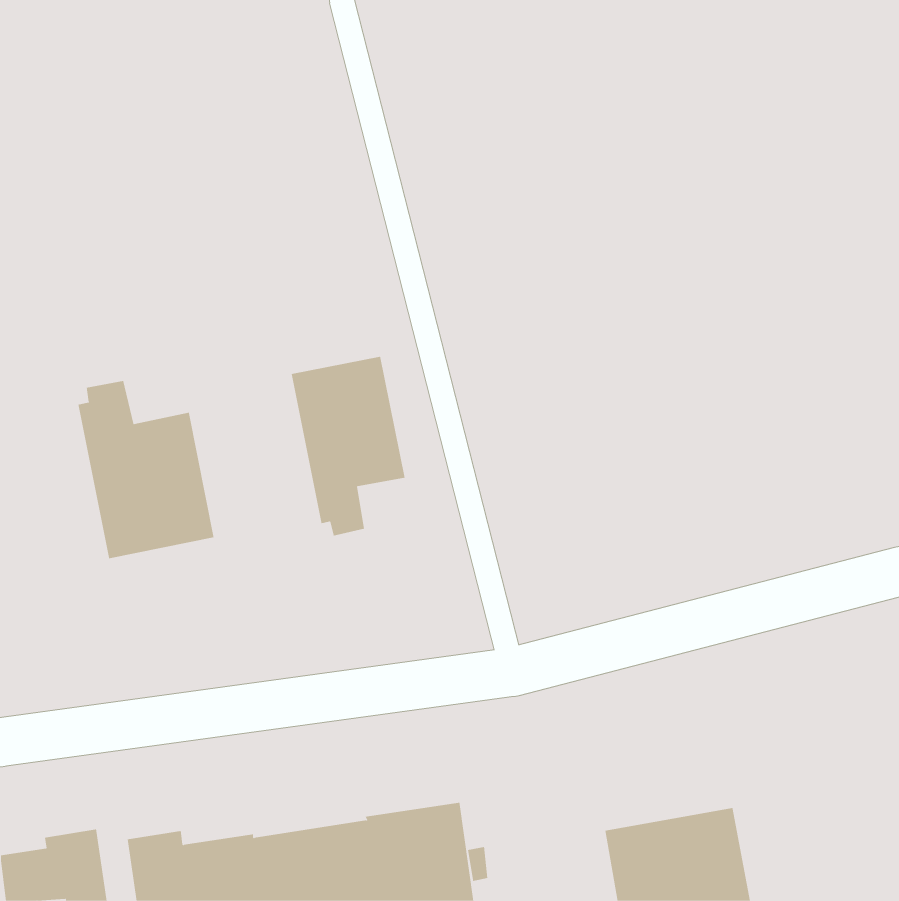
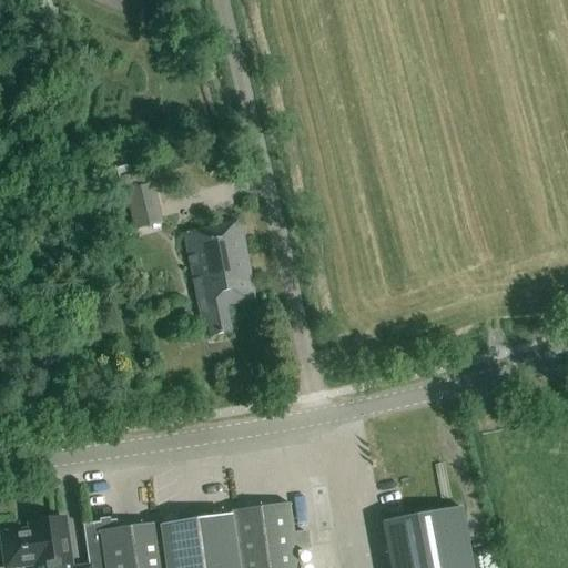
building: none -> [125,185,163,230]
building: [78,380,214,559] -> none

